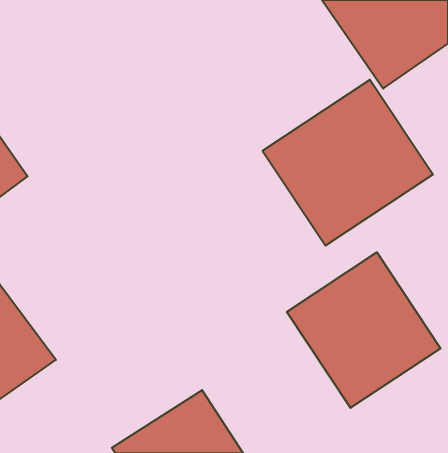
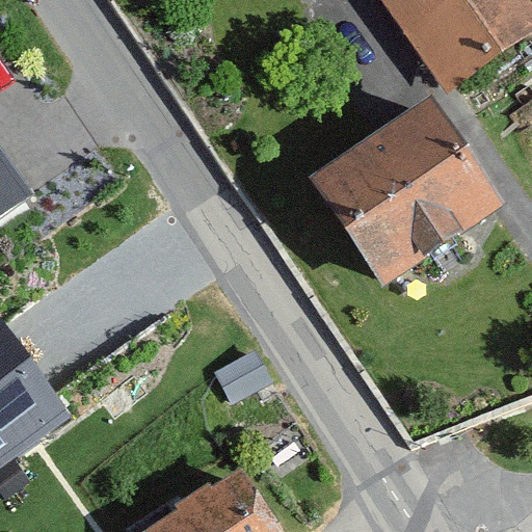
building: [287,252,440,408] -> none

